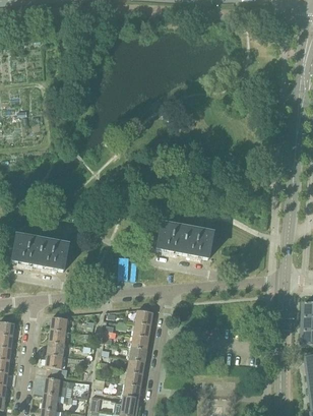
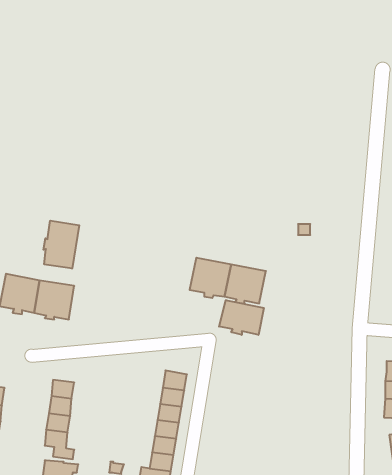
building: none -> [43,221,79,269]
building: none -> [219,300,264,335]

